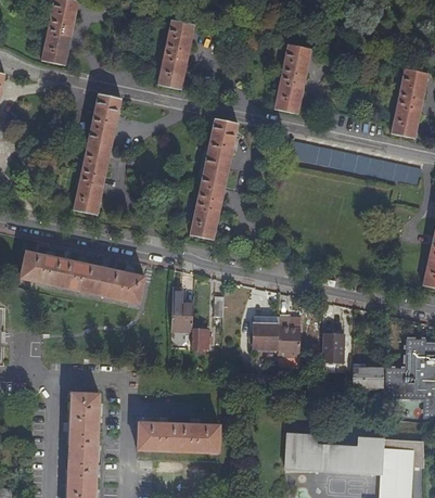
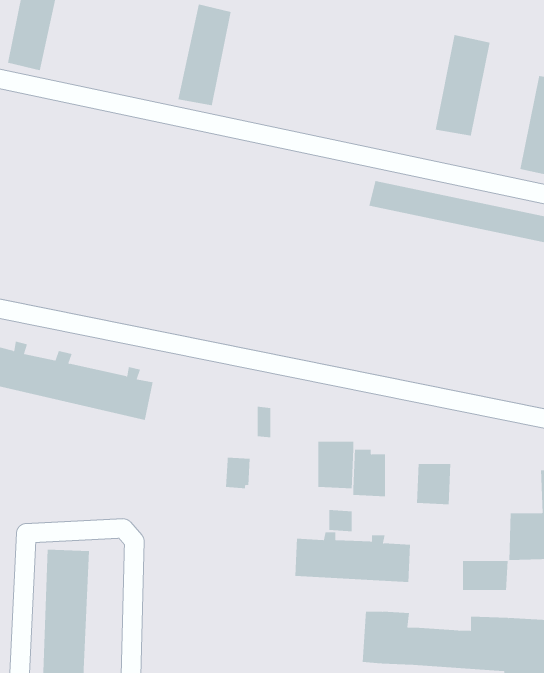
building: [276,43,314,113] -> [435,35,490,136]
building: [74,93,123,215] -> none
building: [190,118,239,240] -> none
building: [171,289,193,331] -> none
building: [353,367,384,387] -> [462,560,508,591]
building: [138,418,217,452] -> [295,532,411,583]

